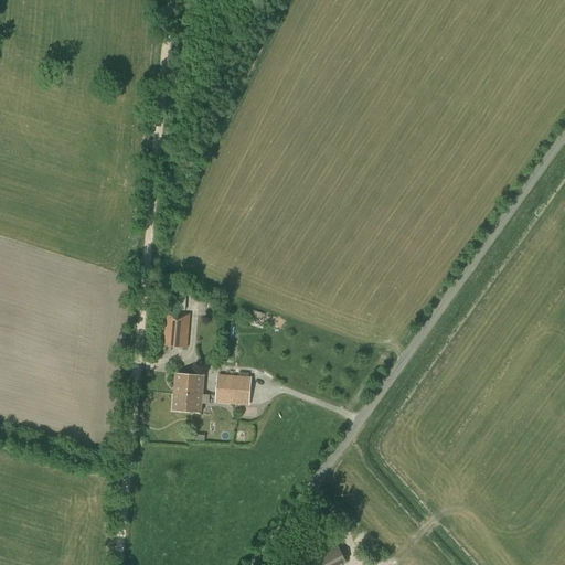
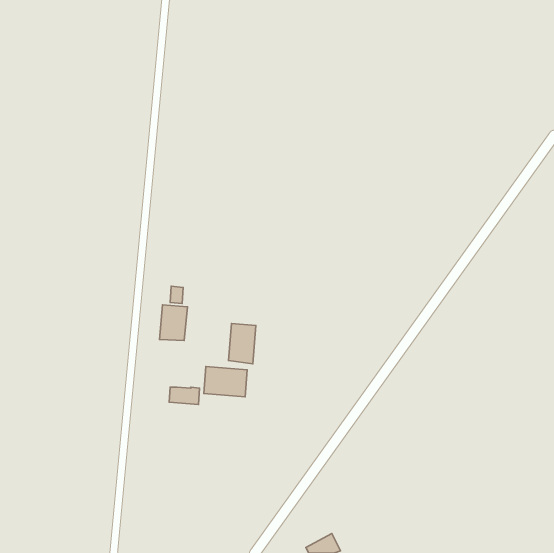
building: none -> [229,323,256,364]
building: [173,373,204,395] -> none

